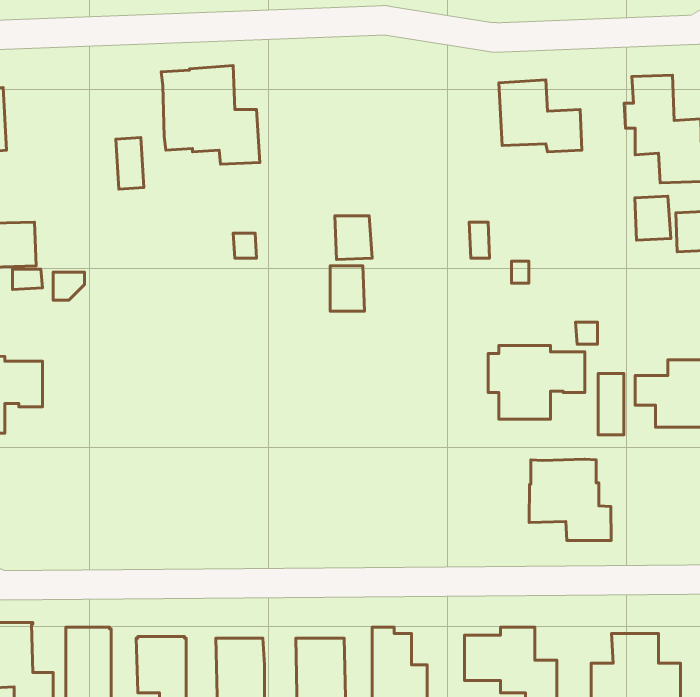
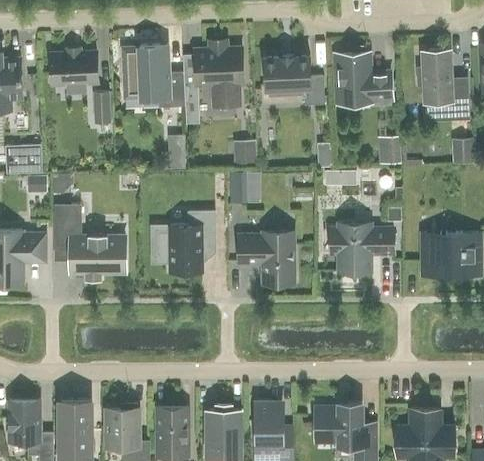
building: none -> [184,49,244,124]
building: none -> [50,53,98,85]
building: none -> [264,56,324,105]
building: [635,196,671,240] -> [378,137,401,165]
building: none -> [56,206,125,273]
building: none -> [156,212,215,272]
building: none -> [237,232,294,279]
building: [598,374,624,435] -> none
building: [529,459,611,540] -> none

